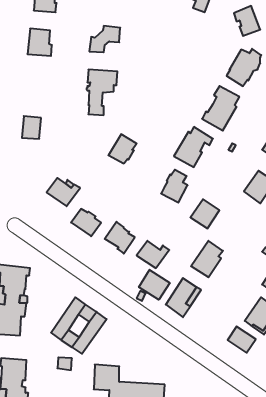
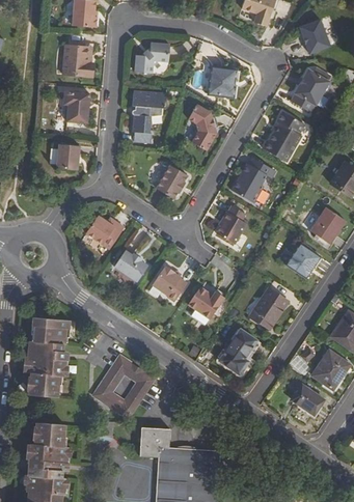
building: none -> [207,65,236,97]
building: none -> [61,91,90,122]
building: none -> [188,104,216,150]
building: [190,199,219,228] -> [288,244,321,277]
building: [139,270,170,300] -> none

